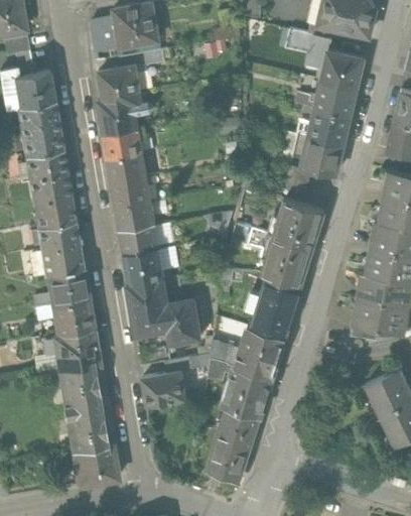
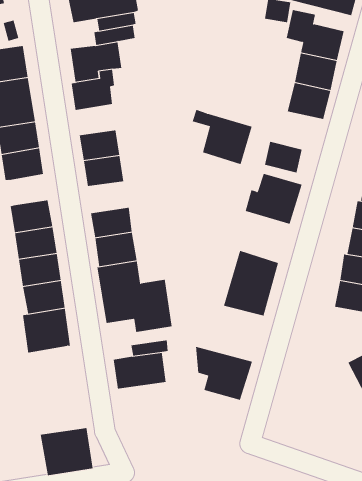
building: [101,128,144,158] -> none
building: [302,135,345,172] -> none
building: [36,197,75,227] -> none
building: [113,204,154,235] -> none
building: [252,229,311,283] -> [192,109,253,165]
building: [218,326,286,380] -> none
building: [54,365,107,452] -> none
building: [210,408,263,482] -> none

